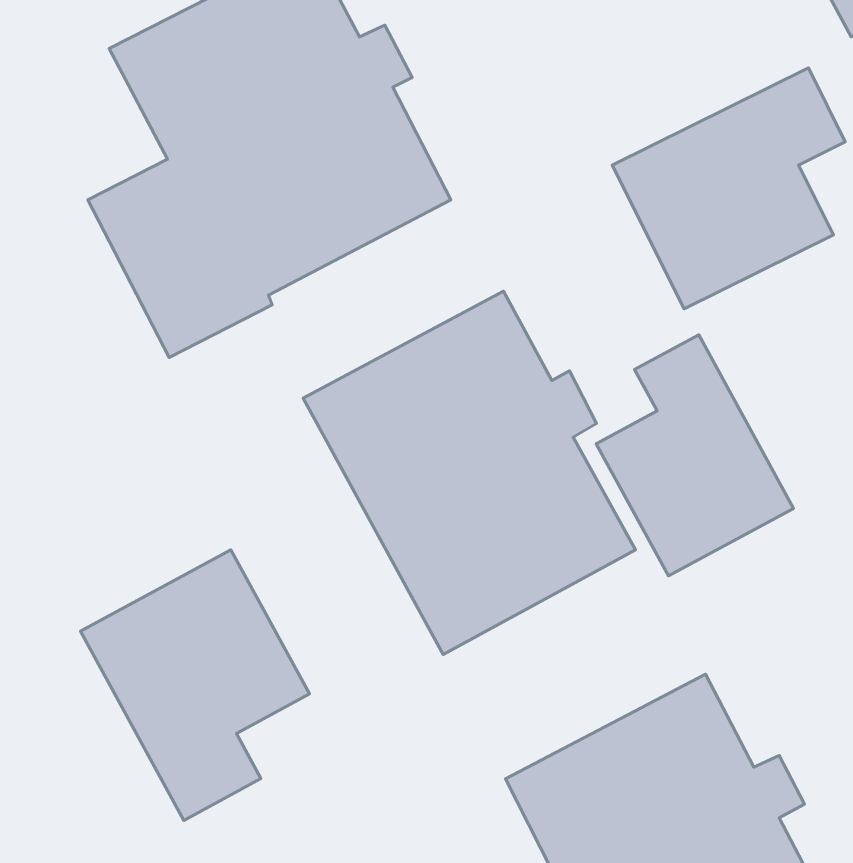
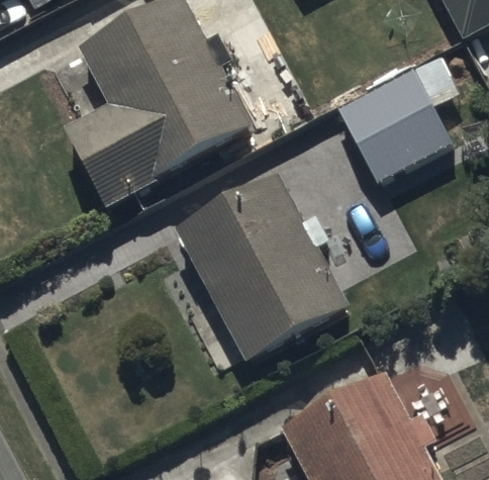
building: [596,335,793,576] -> none
building: [80,550,310,820] -> none

